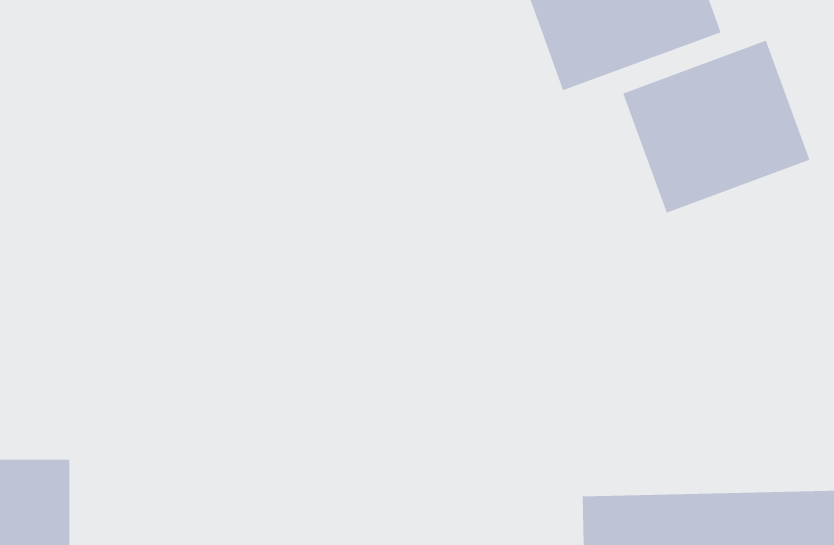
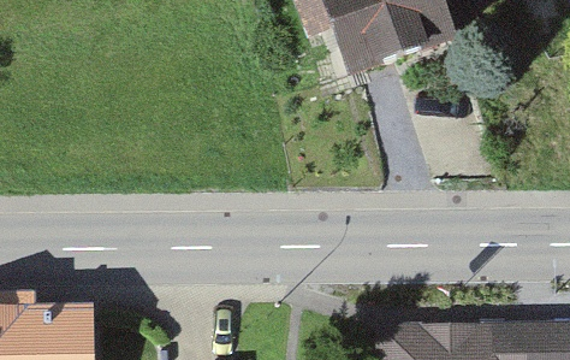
building: [623,40,810,213] -> none

